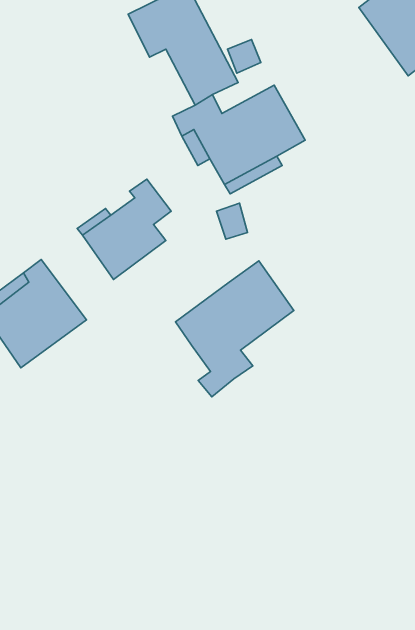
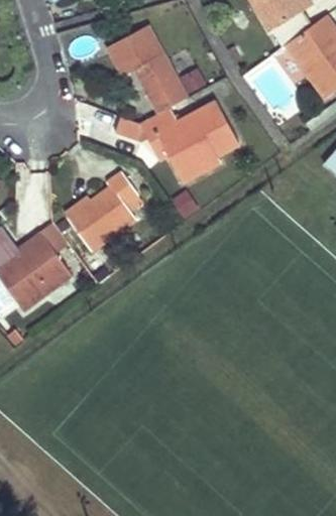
building: [175,261,294,397] -> none

